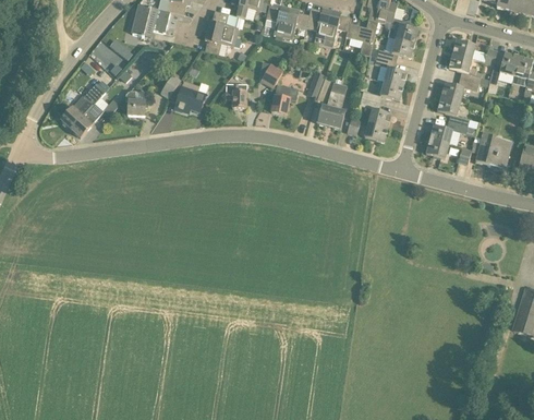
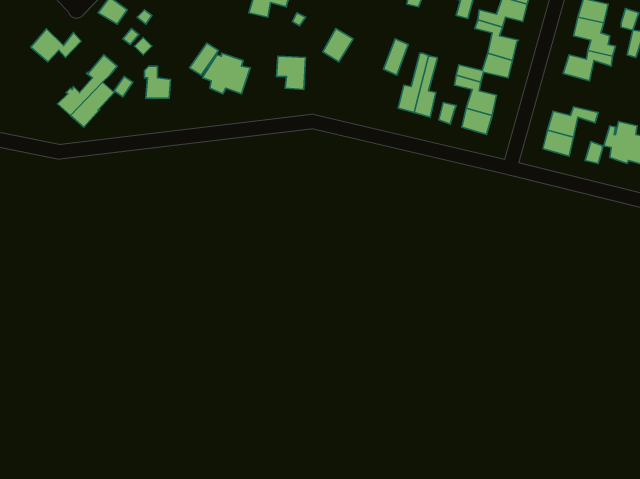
building: none -> [31,29,81,62]
building: [270,83,298,115] -> none
building: [437,96,469,125] -> none

